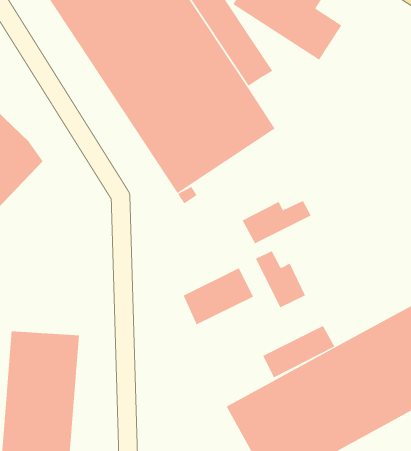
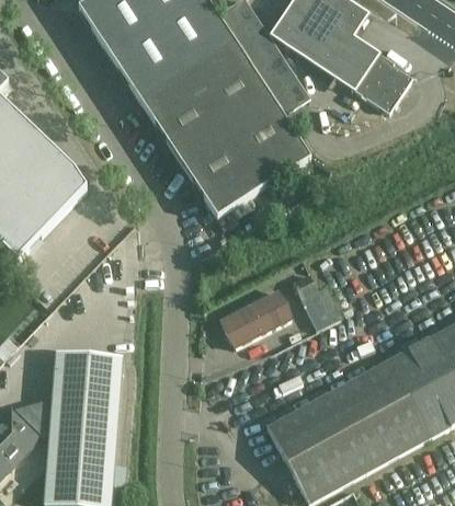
building: none -> [355,55,411,112]
building: [242,200,312,244] -> none
building: [262,325,335,378] -> none

